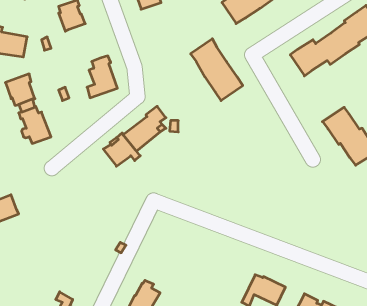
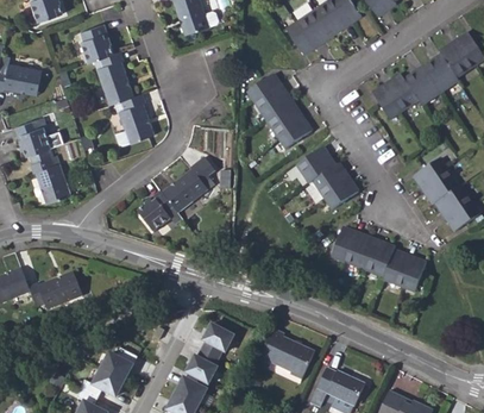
building: none -> [94,51,134,105]
building: none -> [295,146,358,209]
building: none -> [331,225,426,292]
building: none -> [29,273,82,309]
building: none -> [187,325,234,386]
building: none -> [257,328,314,376]
building: none -> [82,349,138,399]

